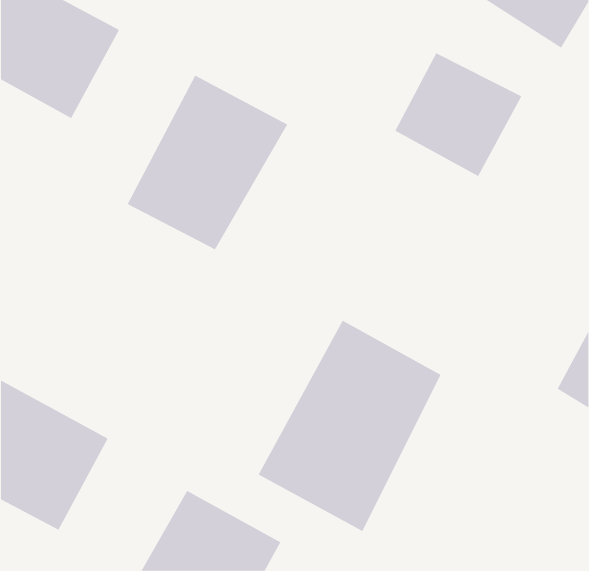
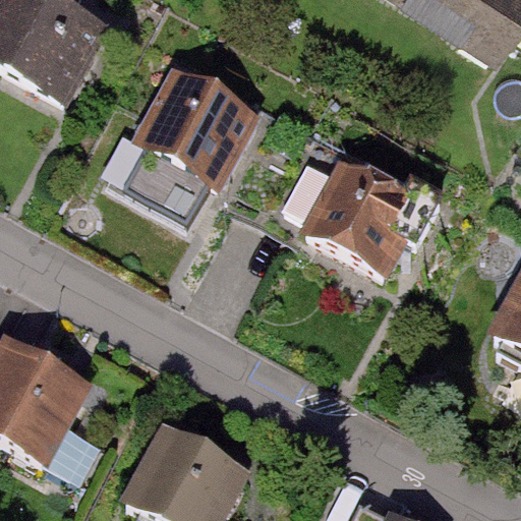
building: [394,52,522,177] -> [311,161,424,271]
building: [258,320,441,532] -> none

